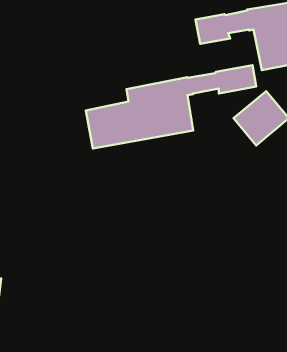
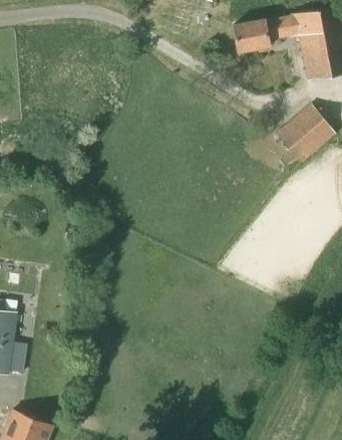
building: [86,65,256,149] -> none

